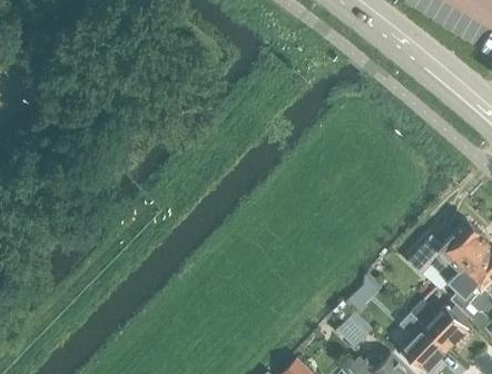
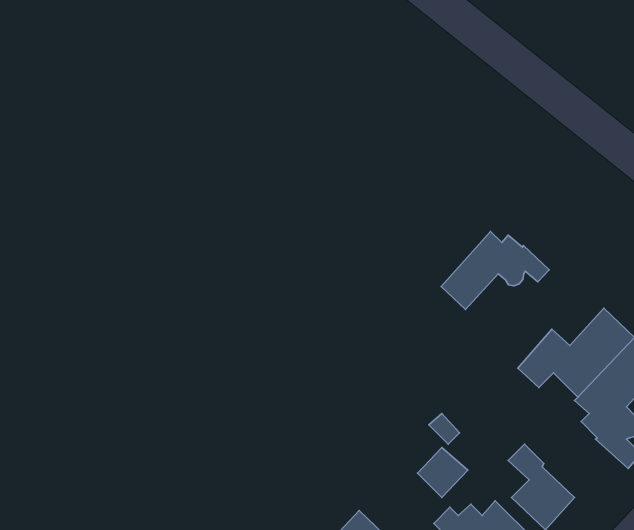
building: none -> [441,232,549,310]
building: [412,301,468,350] -> none

